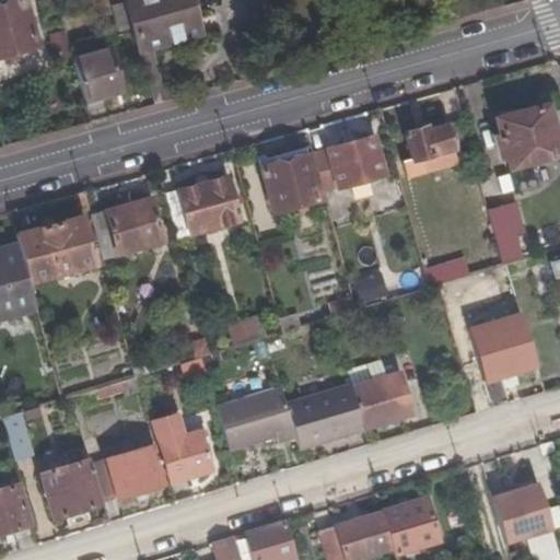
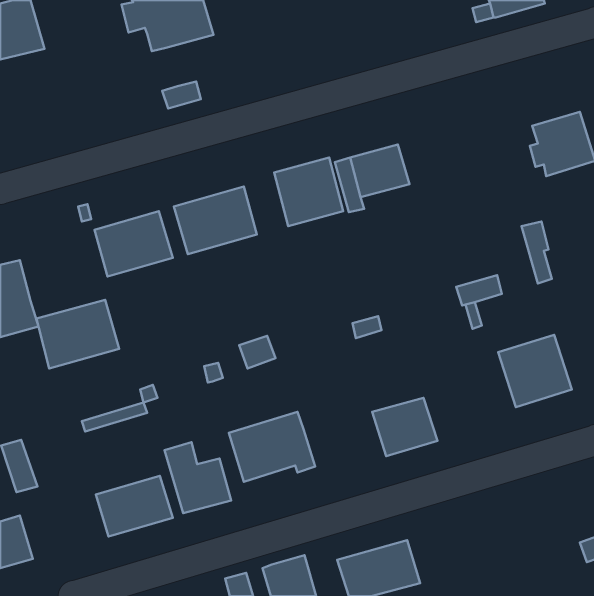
building: [78,45,125,97] -> none
building: [408,120,475,175] -> none
building: [19,218,96,282] -> [36,300,119,369]
building: [287,383,364,450] -> none
building: [40,464,100,518] -> none
building: [485,483,548,545] -> none
building: [384,493,441,553] -> none

